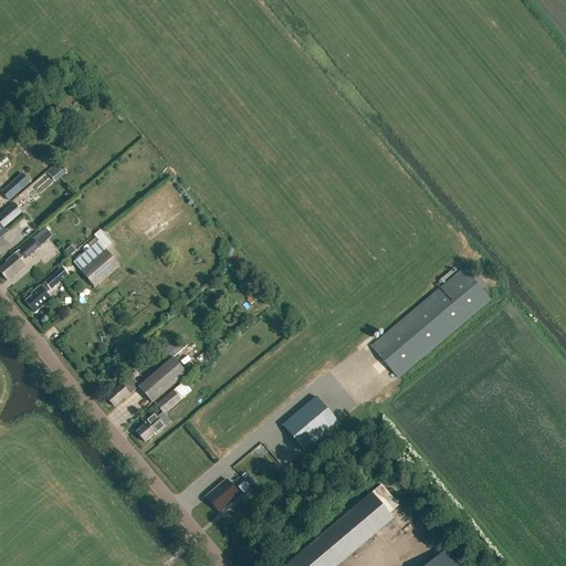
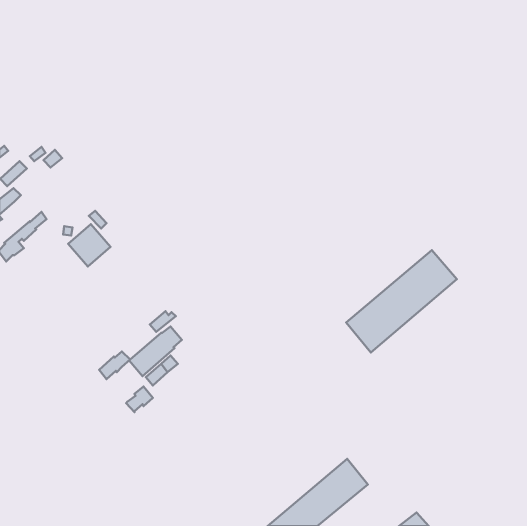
building: [24,266,67,312] -> none
building: [281,396,337,450] -> none
building: [206,479,240,512] -> none

